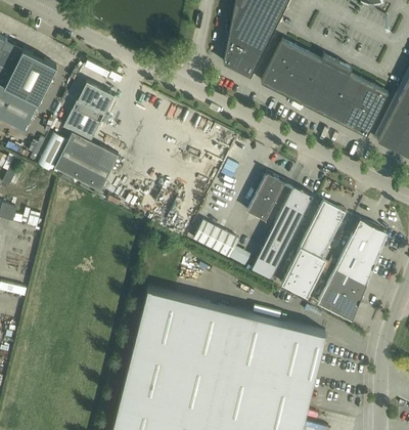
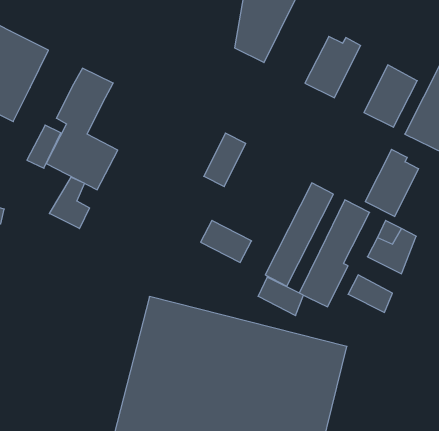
building: [261,40,309,95] -> none
building: [314,61,362,122] -> [365,149,419,216]
building: [247,173,285,221] -> [204,133,246,187]
building: none -> [49,177,89,229]
building: [335,252,374,285] -> none
building: [318,286,359,320] -> [258,277,303,316]

